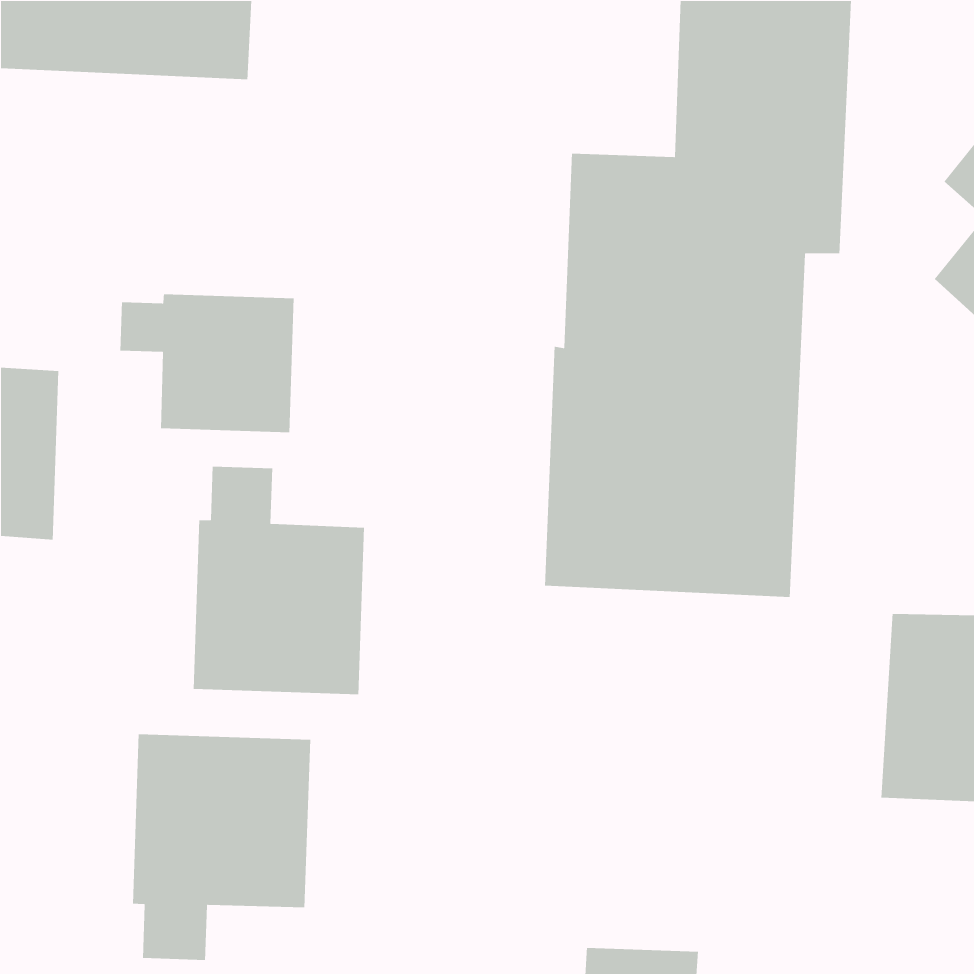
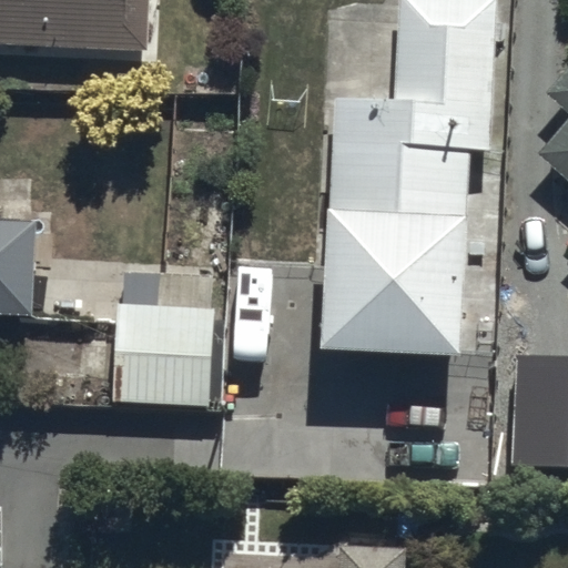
building: [119,293,295,433] -> none
building: [132,733,311,961] -> none

